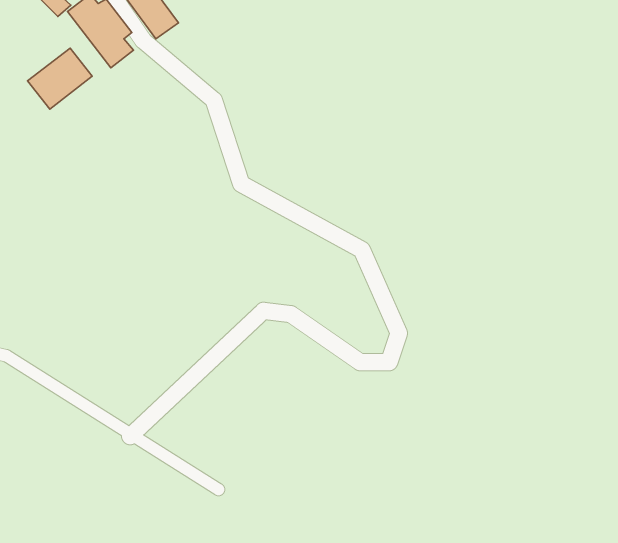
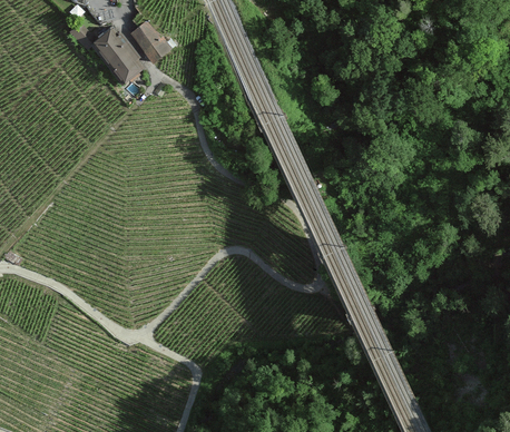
building: [28,48,92,109] -> none

